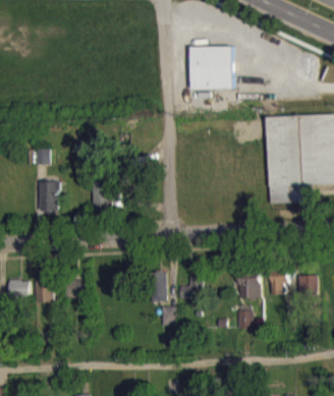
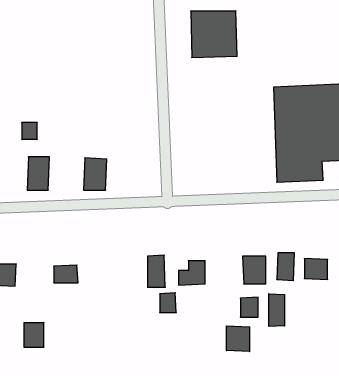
building: [35,281,53,303] -> [24,323,44,347]
building: none -> [269,294,284,326]
building: none -> [227,326,250,352]

